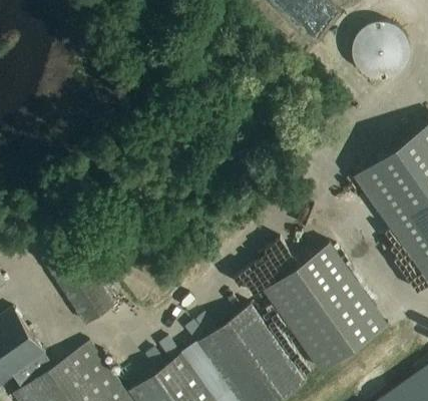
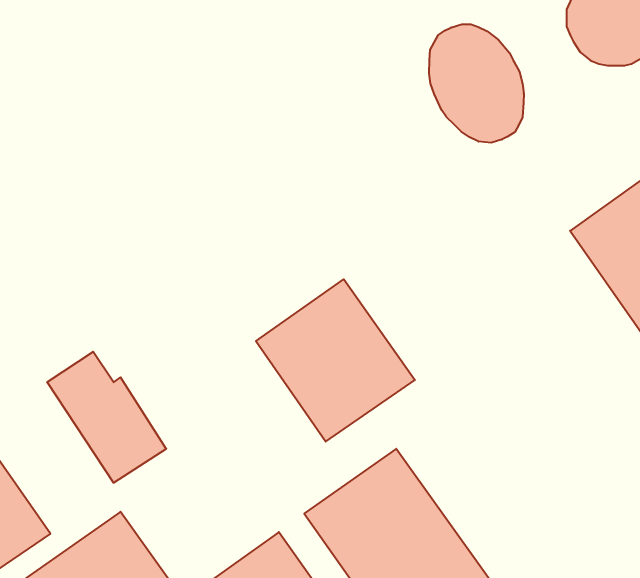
building: none -> [429,24,524,143]
building: none -> [256,279,415,442]
building: [269,253,381,370] -> none

